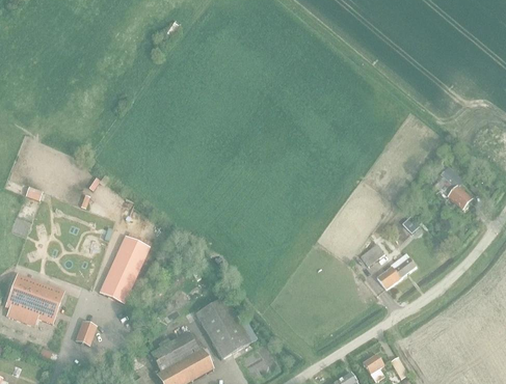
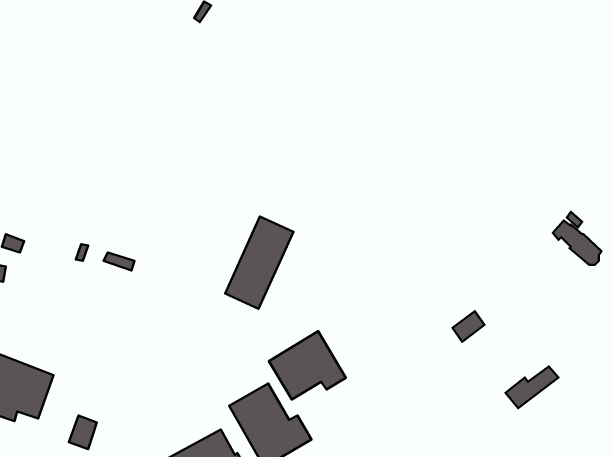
building: [99,235,150,303] -> [225,217,293,309]
building: [377,257,417,289] -> [505,366,558,408]
building: none -> [269,331,346,399]

